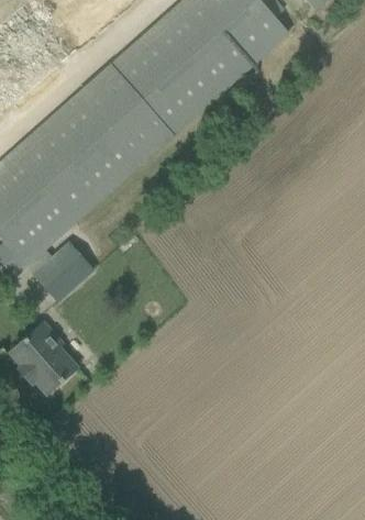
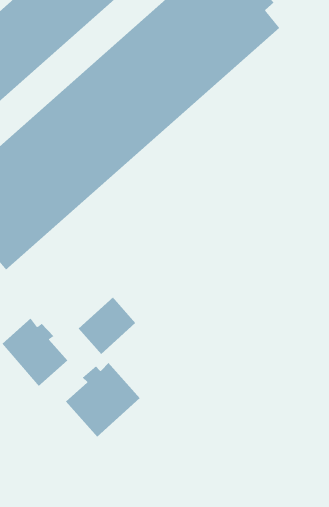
building: [35,243,93,301] -> [78,297,136,355]
building: none -> [65,362,141,438]

